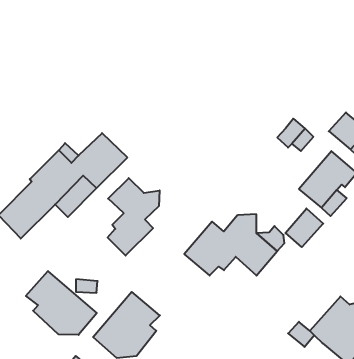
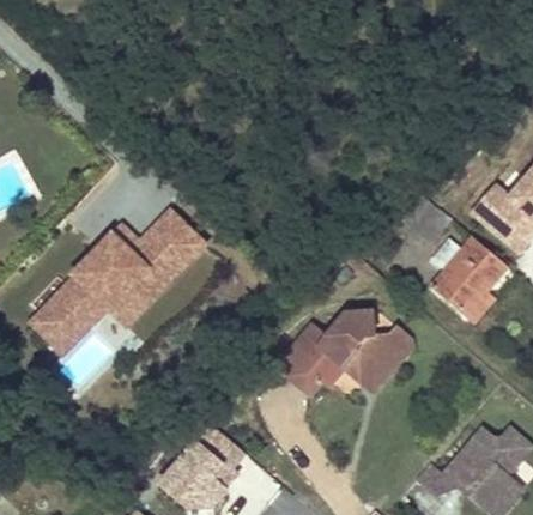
building: [108,178,160,256] -> none
building: [285,208,323,247] -> none
building: [26,271,97,335] -> none

